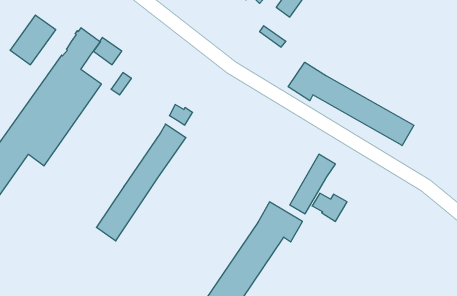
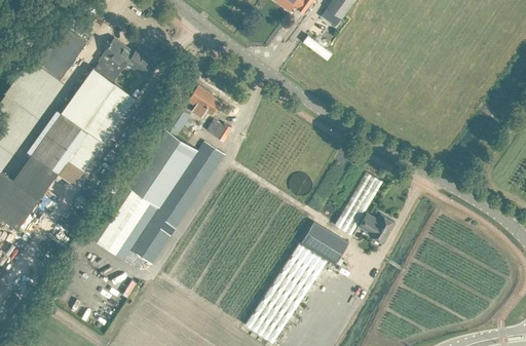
building: [288,62,414,146] -> none
building: none -> [188,86,219,117]
building: none -> [87,106,197,259]

